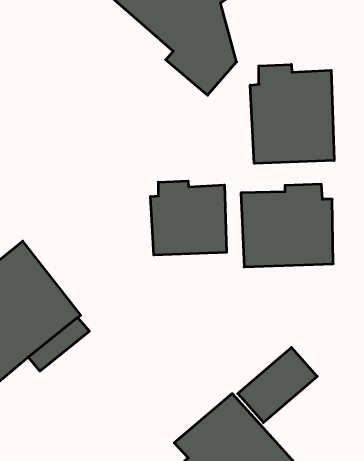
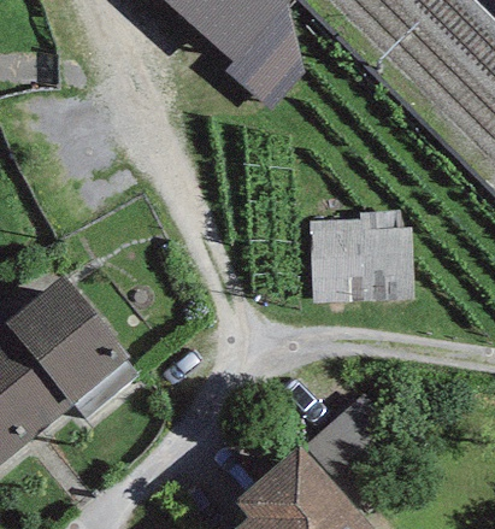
building: [250,64,334,163] -> none
building: [151,181,226,255] -> none

